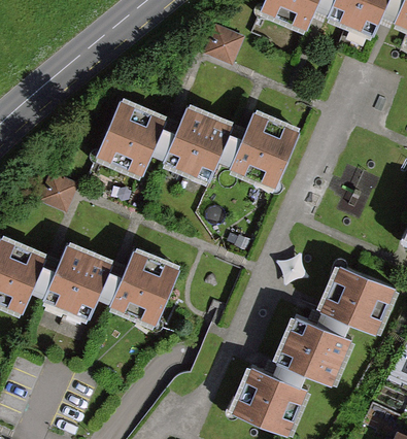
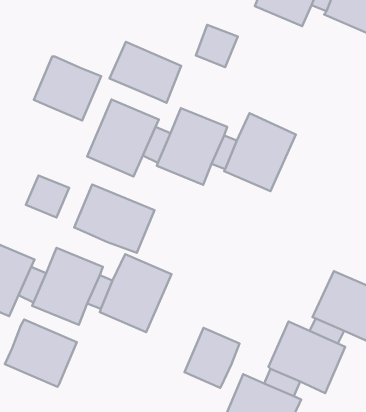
building: none -> [109,42,181,103]
building: none -> [34,56,101,120]
building: none -> [74,184,155,253]
building: none -> [5,319,77,387]
building: none -> [184,328,239,388]

